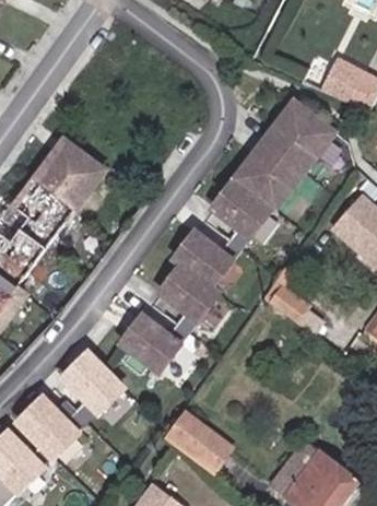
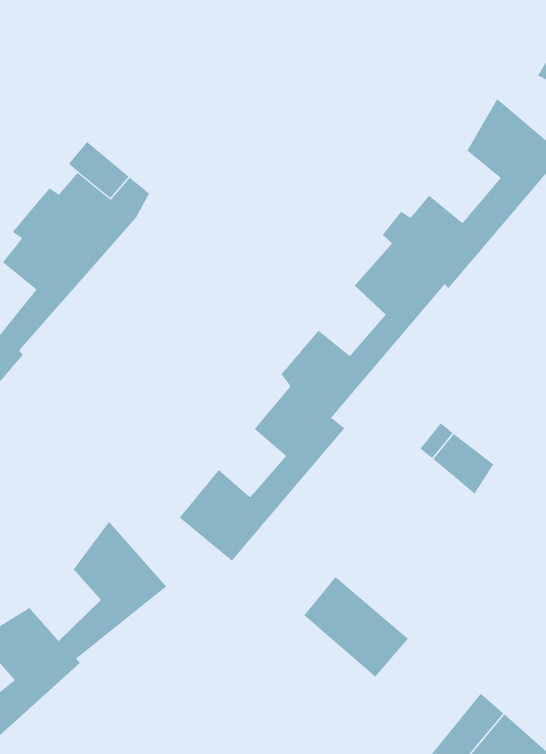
building: [175,409,235,464] -> [304,576,409,678]

